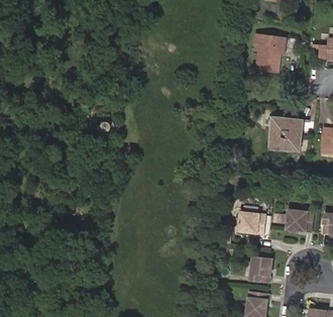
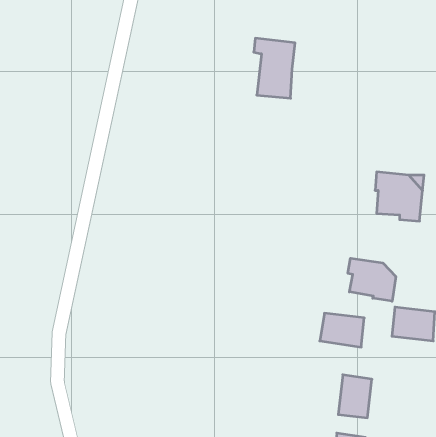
building: [253,34,281,74] -> [254,38,295,98]
building: none -> [348,258,396,301]

